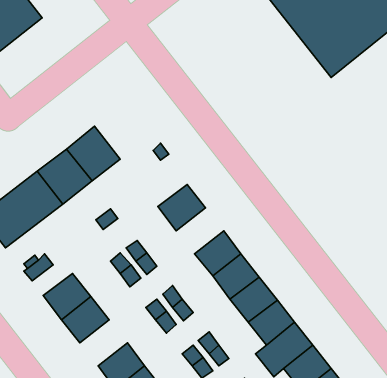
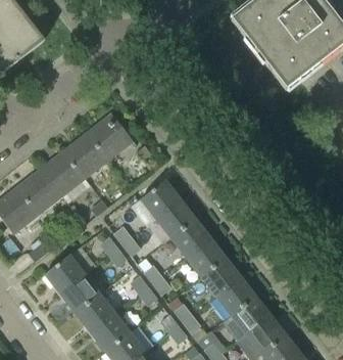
building: none -> [88,112,134,159]
building: none -> [156,199,196,238]
building: none -> [76,294,115,332]

